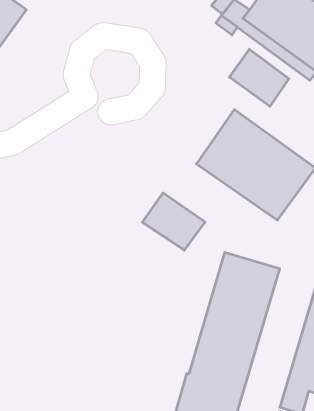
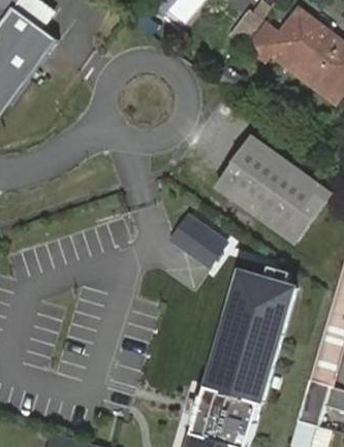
building: [229,49,289,106] -> none

